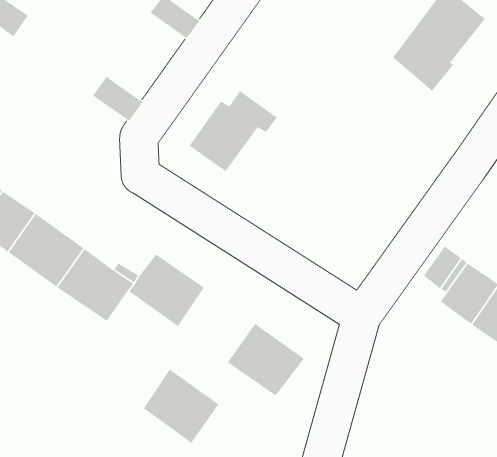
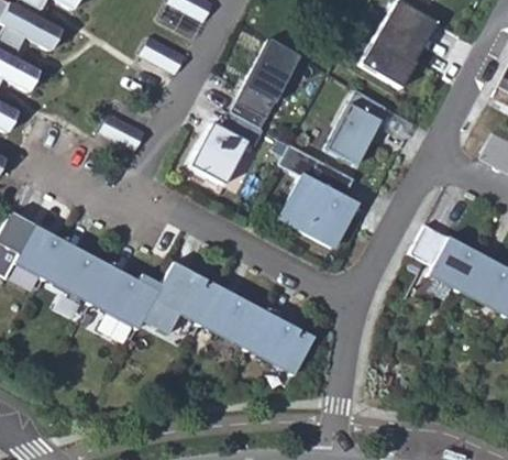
building: none -> [233,39,302,130]
building: none -> [325,88,387,164]
building: none -> [277,143,356,247]
building: [143,369,219,444] -> [203,287,269,350]

